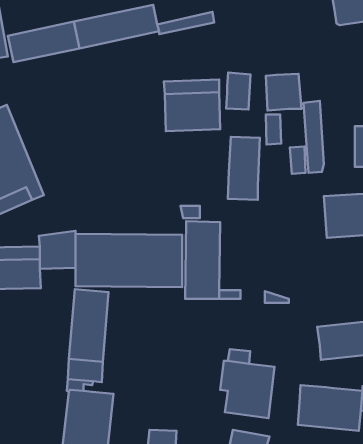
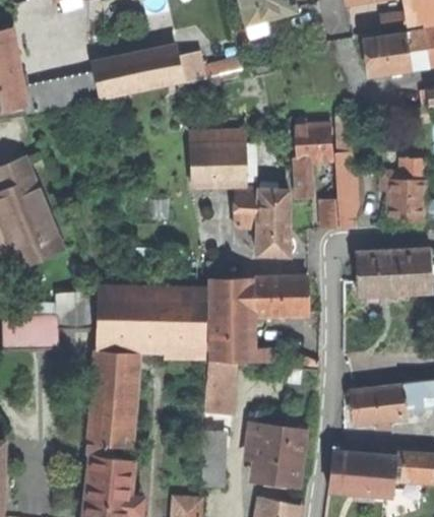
building: [226,73,251,109] -> [234,188,259,227]
building: none -> [253,276,309,315]
building: none -> [206,363,238,413]
building: none -> [203,432,225,484]

